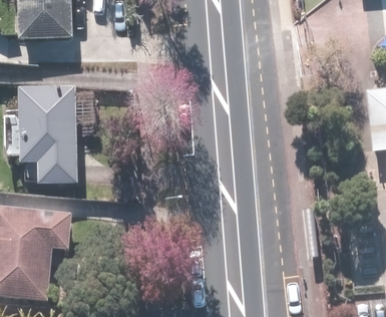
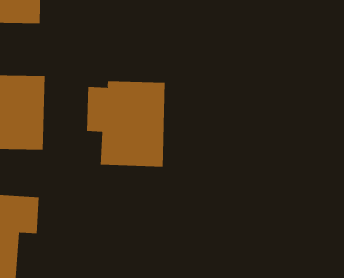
building: none -> [87,80,165,167]

